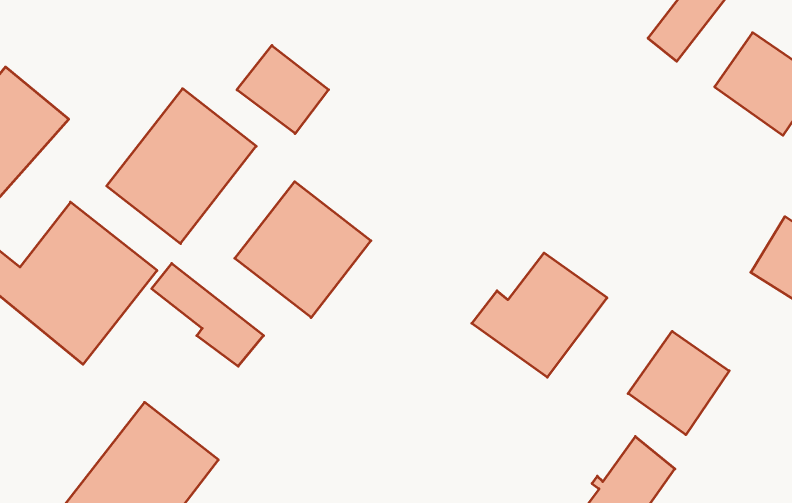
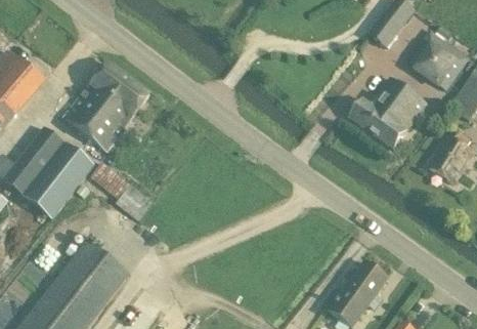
building: [237,45,329,134] -> none
building: [235,182,371,318] -> none
building: [472,253,607,377] -> [351,78,428,149]
building: [628,331,729,435] -> none

